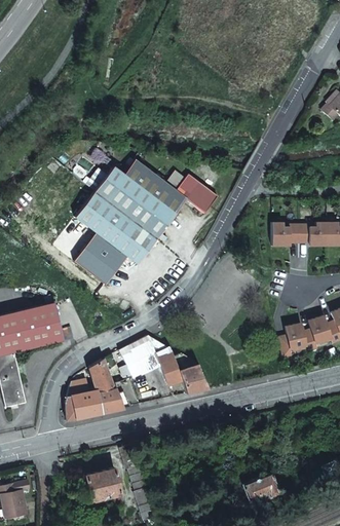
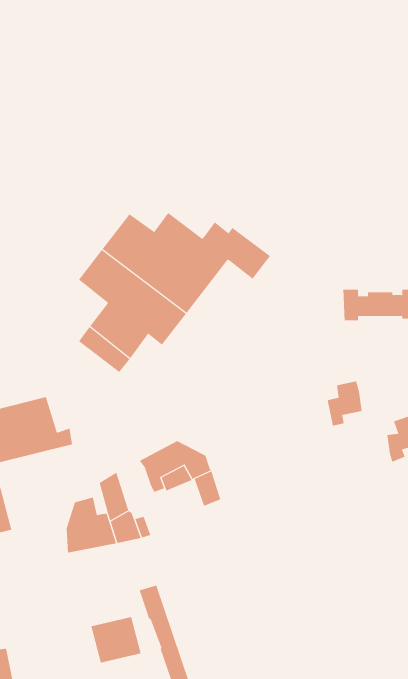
building: [279,323,306,356] -> [327,381,362,426]
building: [173,352,207,393] -> none
building: [240,472,278,504] -> none

